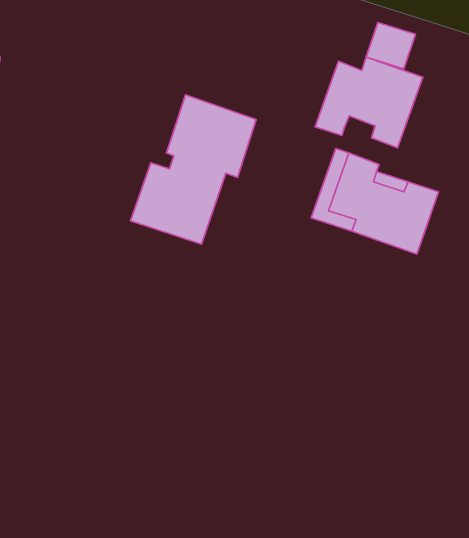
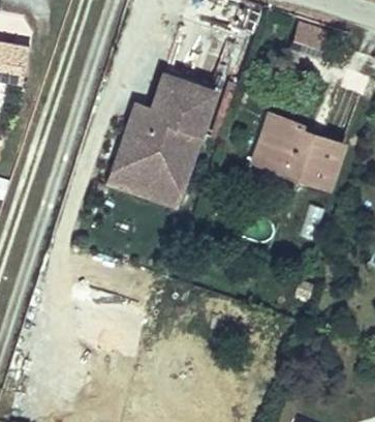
building: [315,57,423,148] -> none
building: none -> [104,99,202,208]

